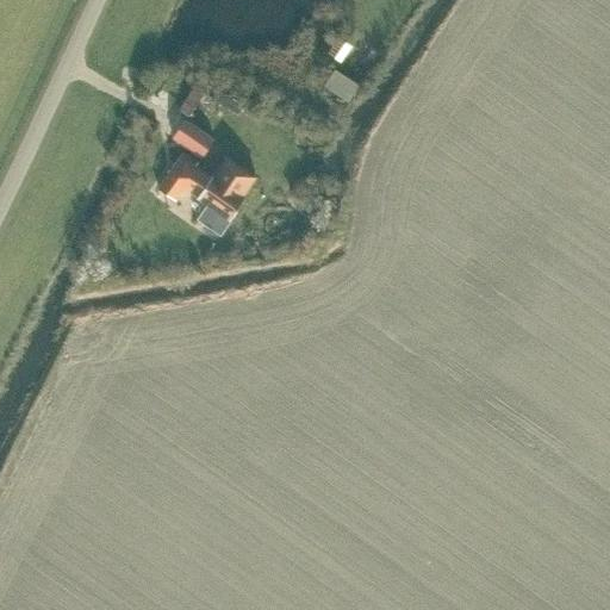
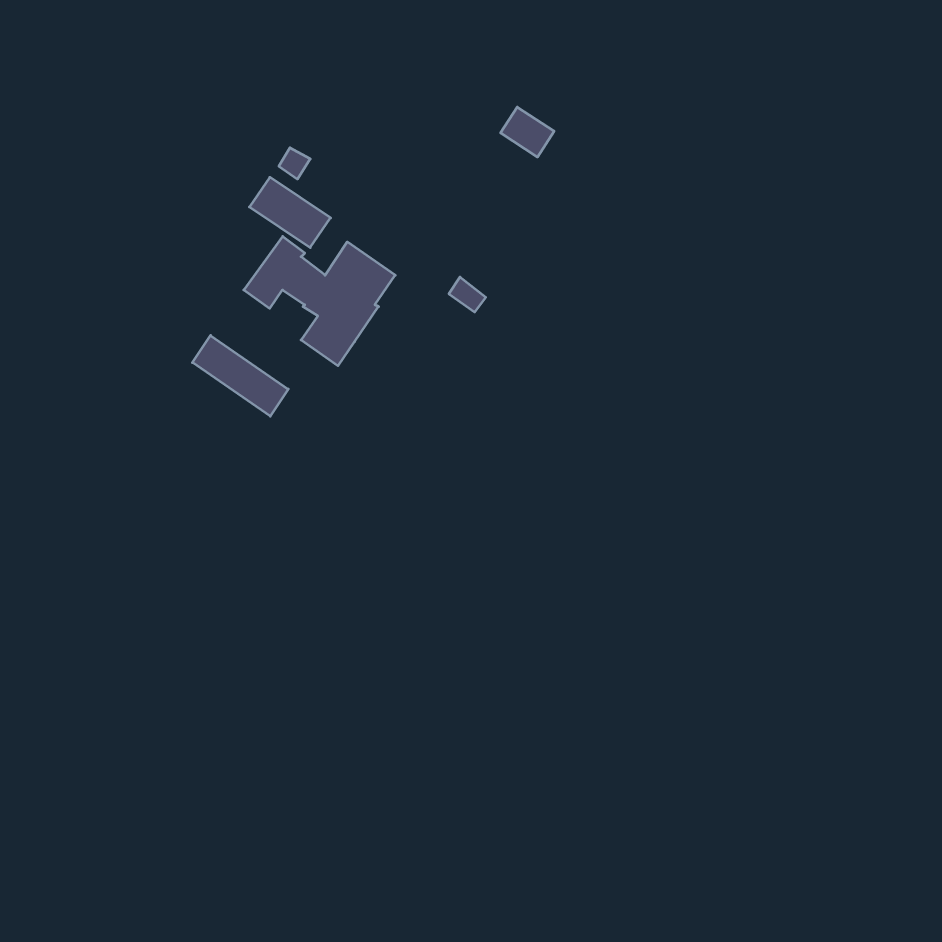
building: none -> [192,335,288,416]

